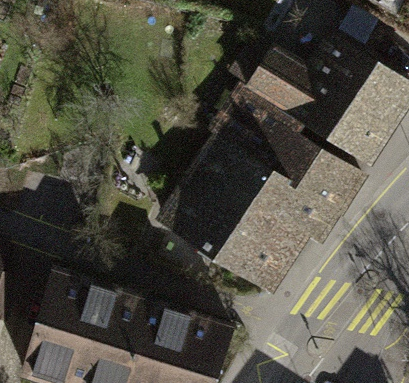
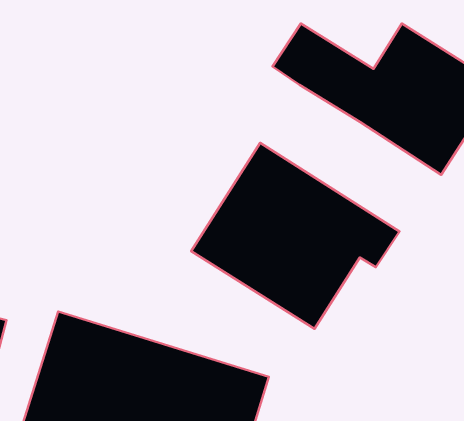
building: [224,96,366,219] -> none

